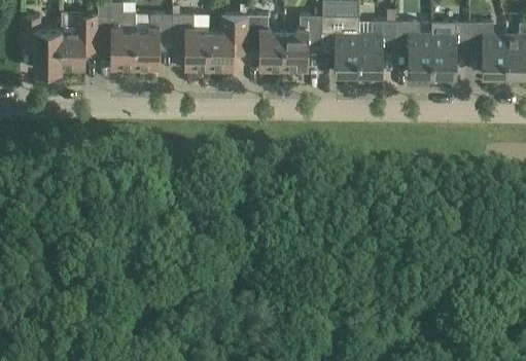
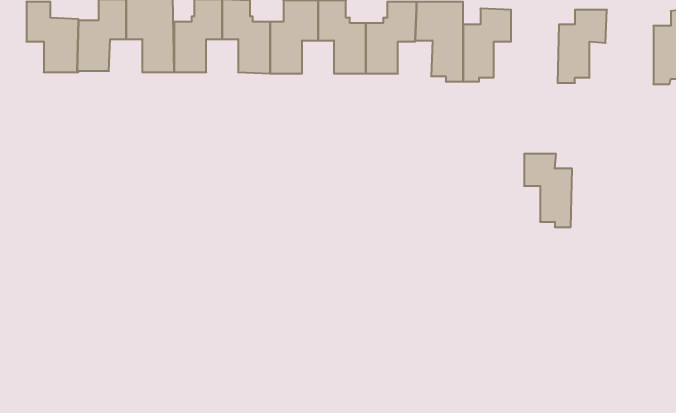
building: [395,22,432,78] -> [524,154,572,227]
building: [468,22,505,79] -> none

